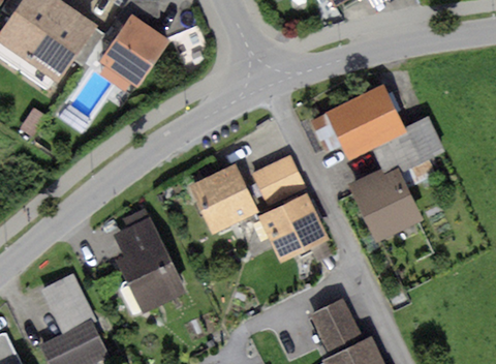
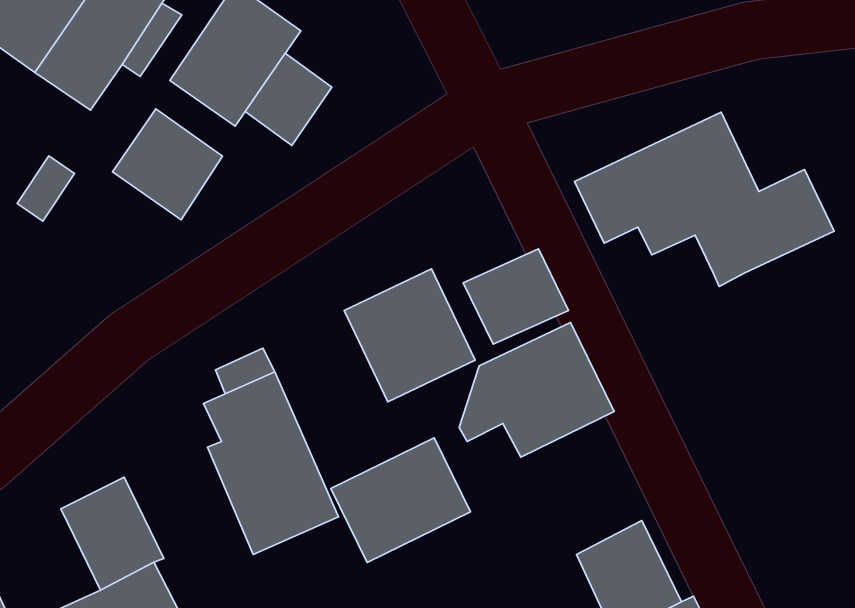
building: none -> [245,53,332,145]
building: none -> [113,109,222,220]
building: [347,168,423,243] -> none
building: none -> [331,438,470,562]

